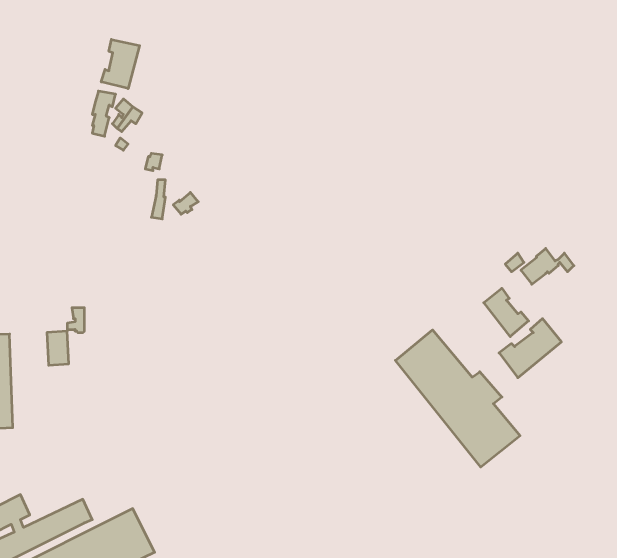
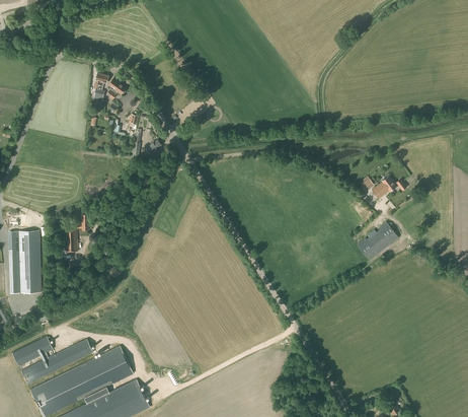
building: [101,39,140,89] -> none
building: [484,288,529,337] -> none
building: [395,330,520,467] -> none

